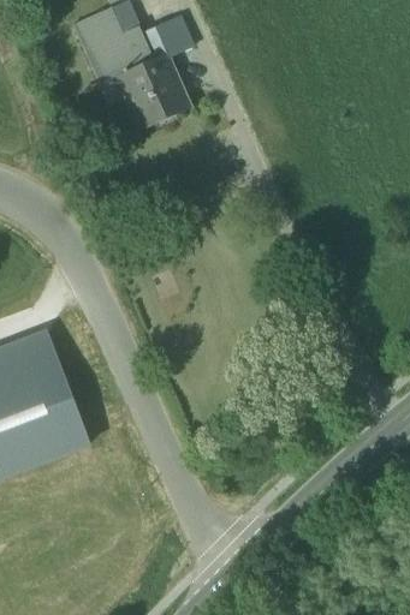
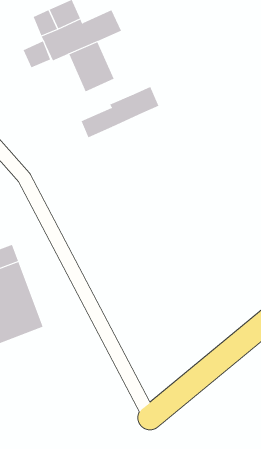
building: none -> [23,41,51,68]
building: none -> [81,86,159,138]

